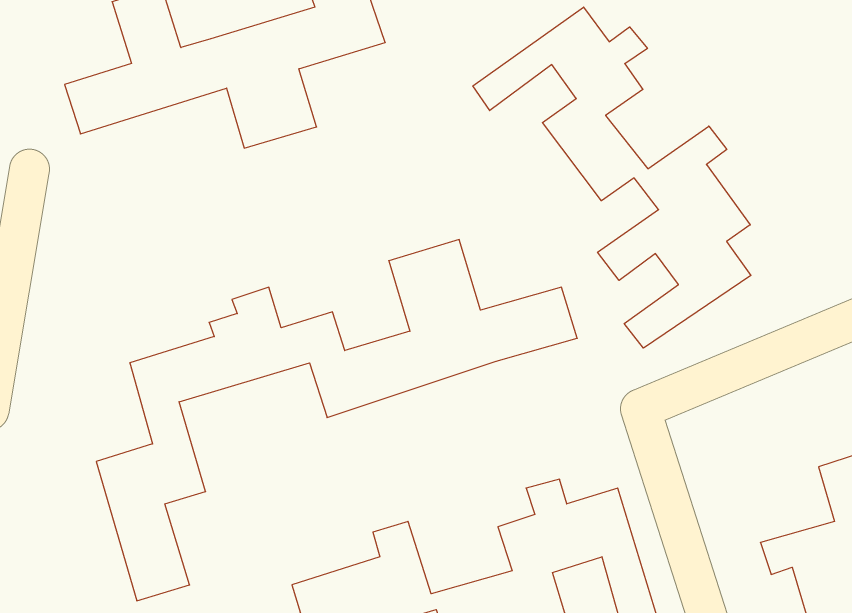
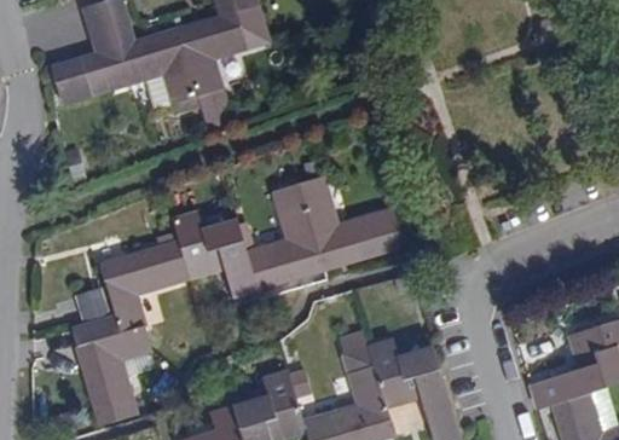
building: [473,7,751,348] -> none

